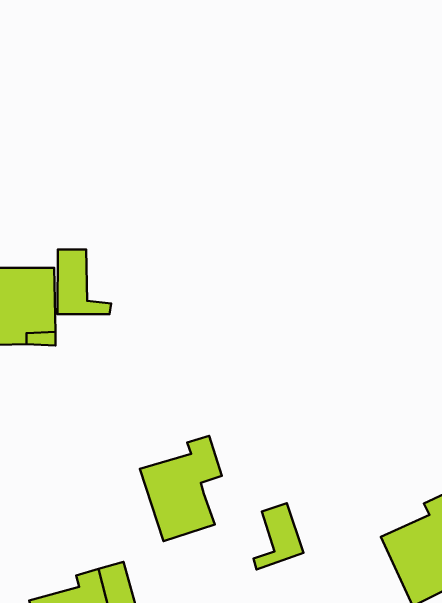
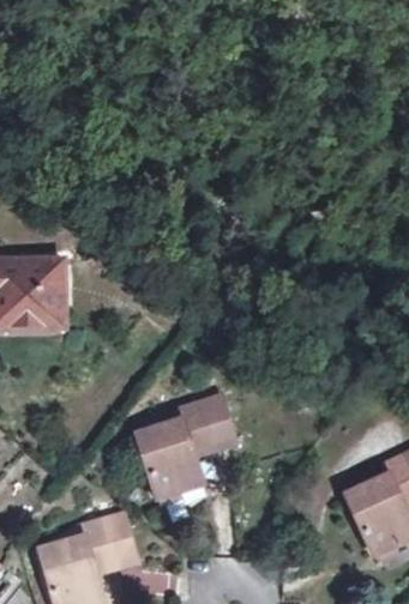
building: [58,250,111,314] -> none
building: [254,503,303,570] -> [191,398,234,455]

